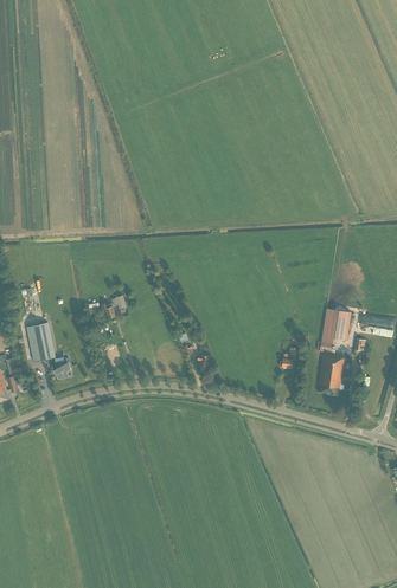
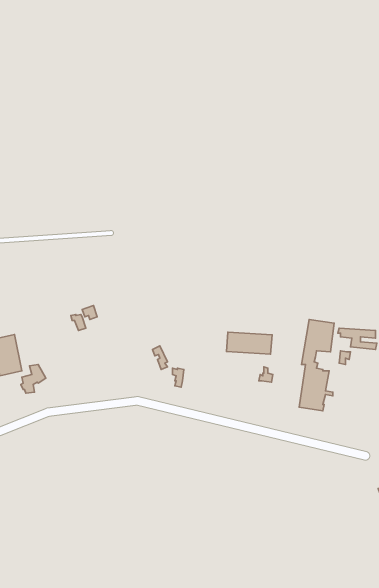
building: none -> [226,332,272,354]

